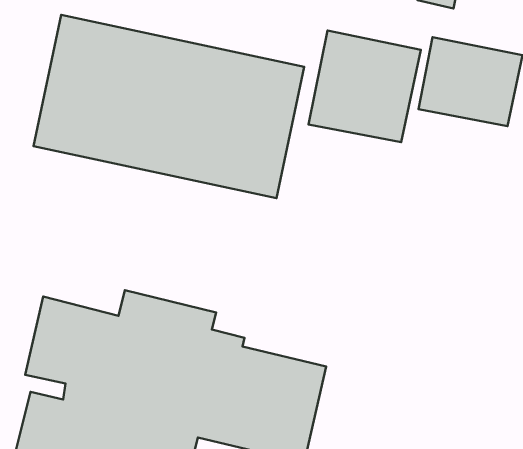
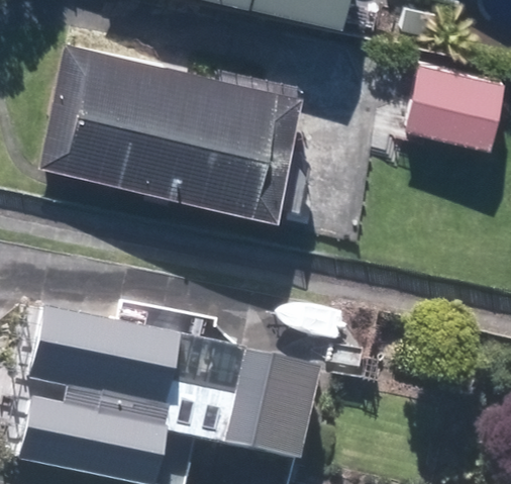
building: [309,30,421,142] -> none

